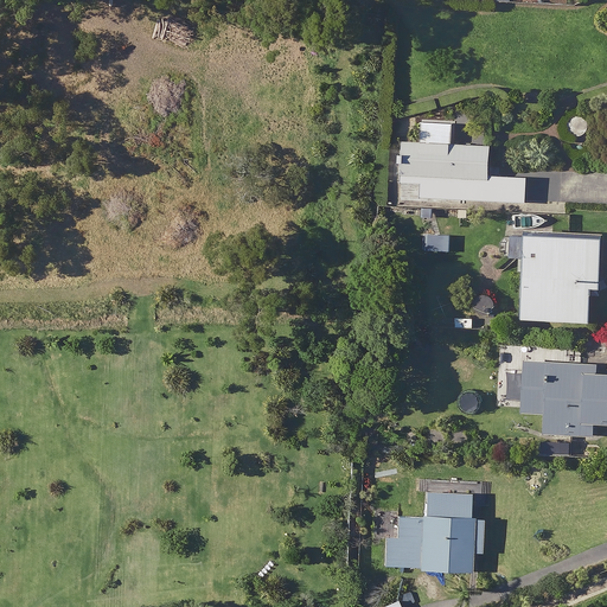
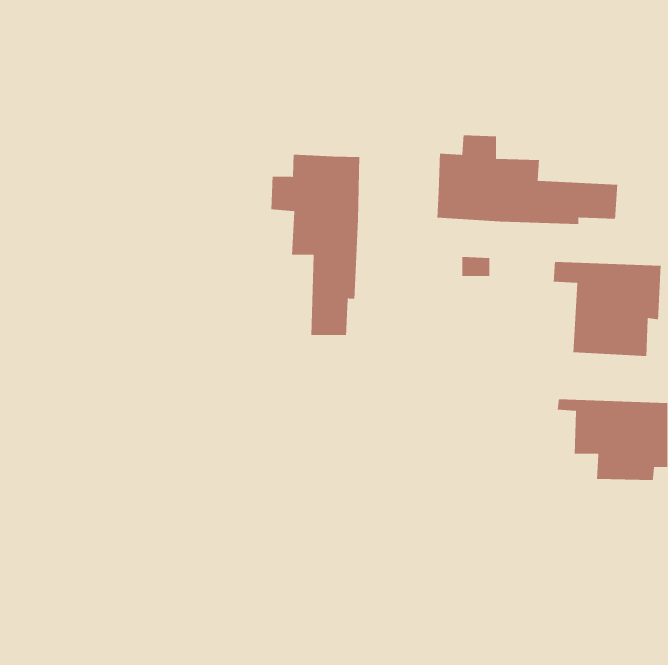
building: none -> [271,154,360,336]
building: [379,474,488,571] -> none

